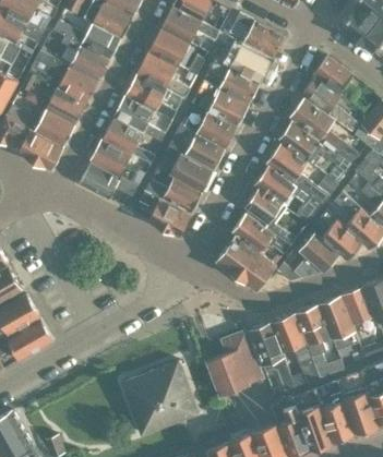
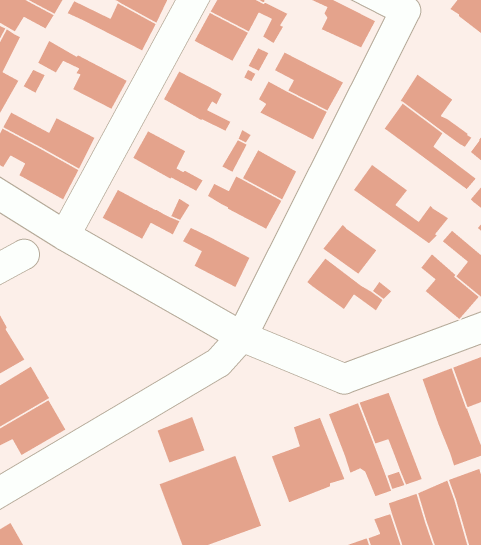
building: [61,37,109,82] -> none
building: [215,45,271,83] -> none
building: [135,52,189,99] -> none
building: [312,57,356,103] -> none
building: [36,88,86,124] -> none
building: [113,96,165,143] -> none
building: [195,111,237,149] -> none
building: [277,120,351,182] -> none
building: [89,140,131,178] -> none
building: [254,166,323,225] -> none
building: [146,178,202,215] -> none
building: [276,230,337,281] -> none
building: [216,236,275,291] -> none
building: [294,304,342,380] -> none
building: none -> [156,416,205,464]

